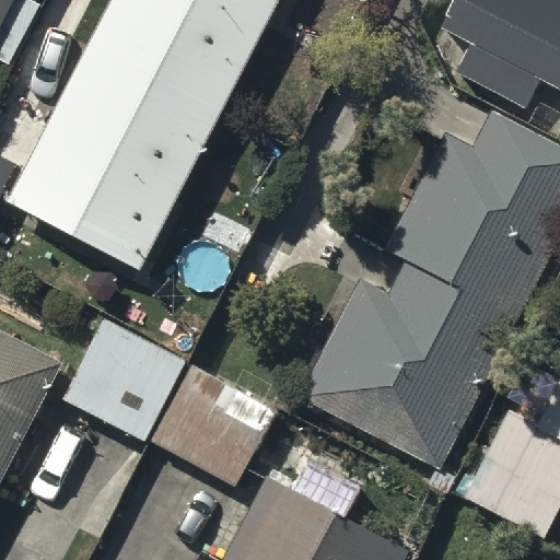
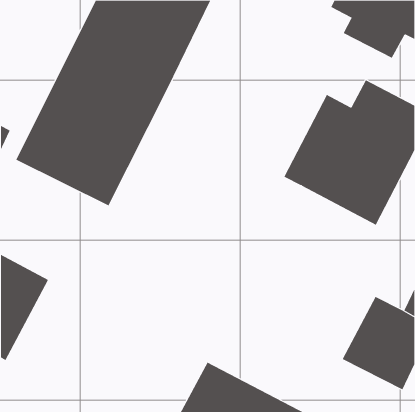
building: [298,254,506,452] -> none
building: [69,316,185,430] -> none
building: [155,362,270,475] -> none

